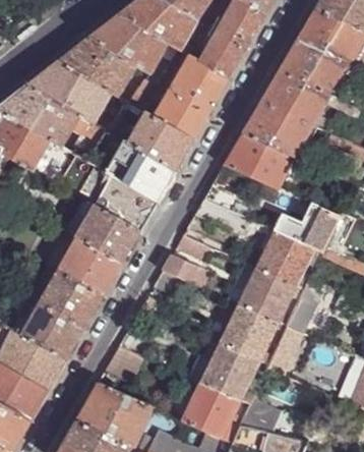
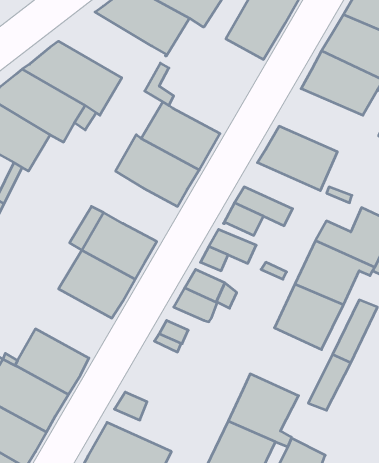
building: [58,39,136,98] -> none
building: [154,56,230,140] -> none
building: [243,103,313,157] -> none
building: [112,186,158,231] -> none
building: [39,271,103,329] -> none
building: [219,303,279,360] -> none

